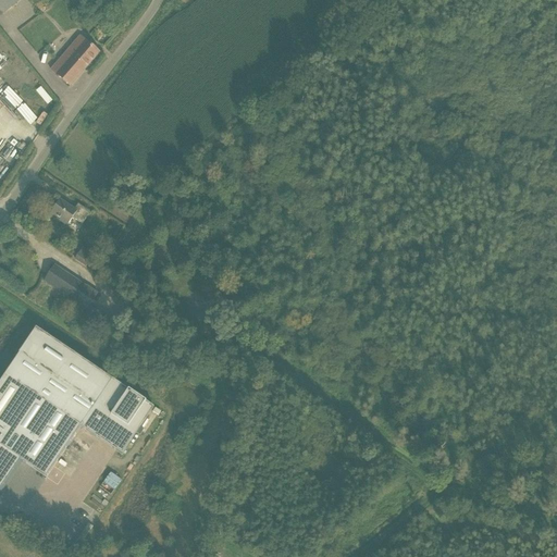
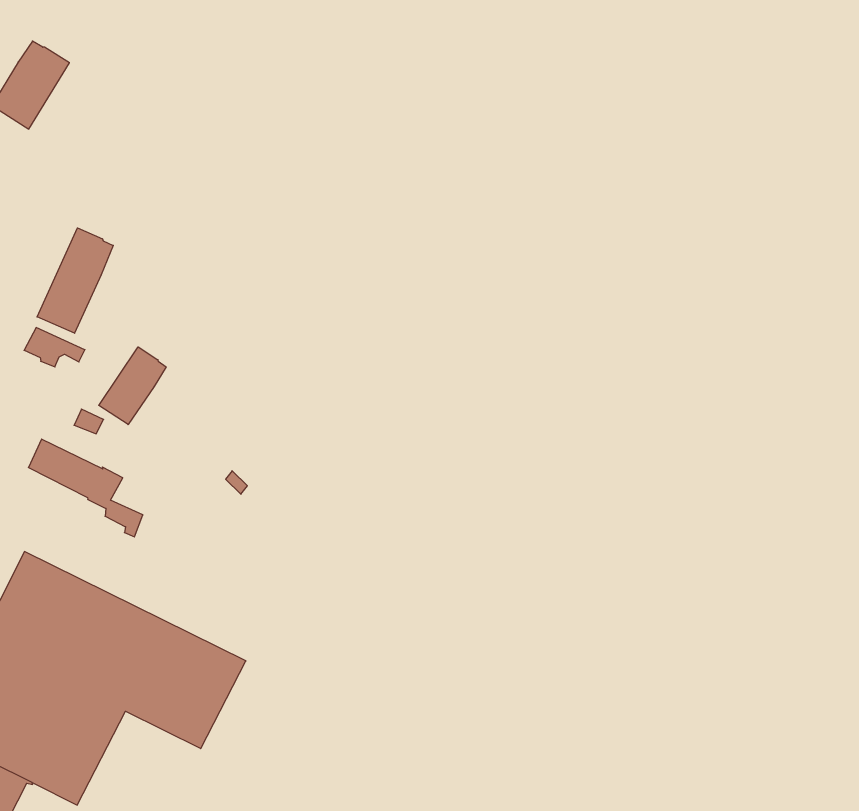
building: none -> [37,228,113,333]
building: none -> [99,347,166,425]

